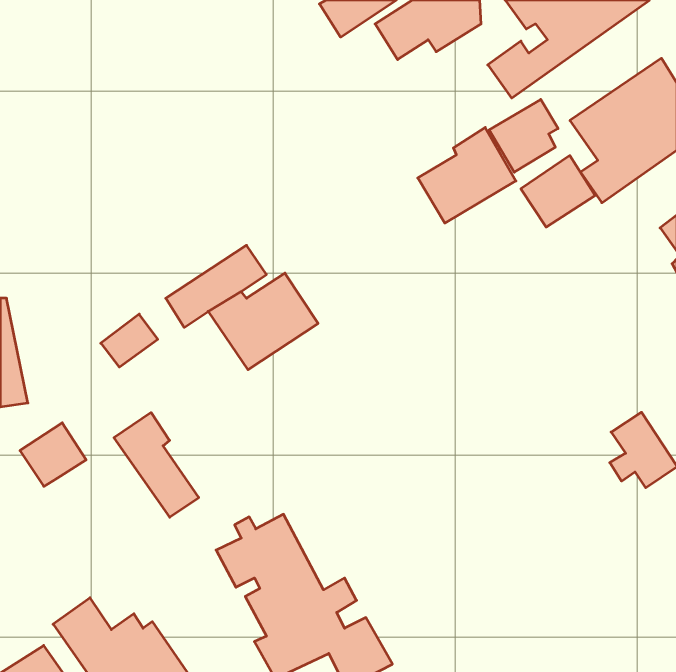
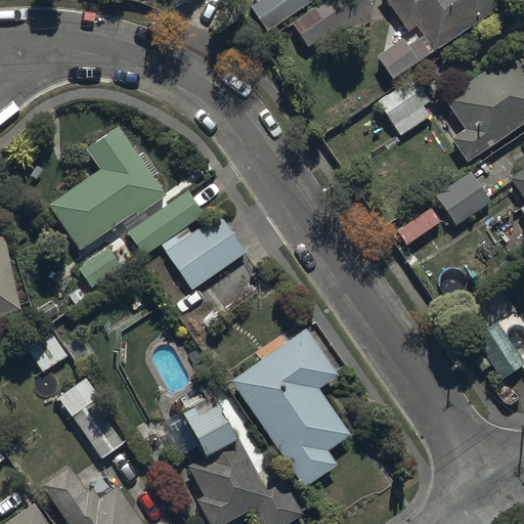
building: [418,127,516,223] -> none
building: [521,156,595,227] -> [434,171,491,226]
building: none -> [51,127,169,249]
building: [114,413,199,517] -> [59,379,125,460]
building: none -> [231,328,353,487]

